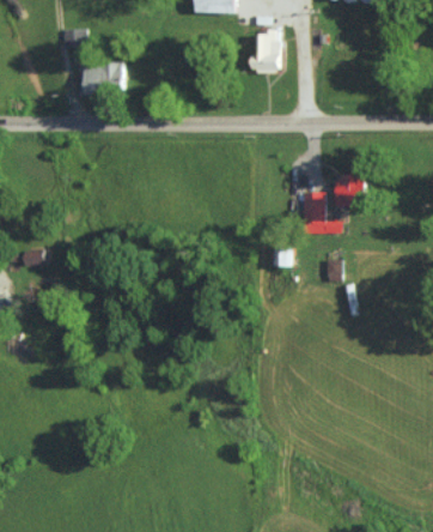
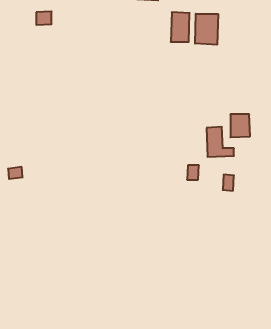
building: none -> [195,14,218,45]
building: [79,61,123,95] -> none

